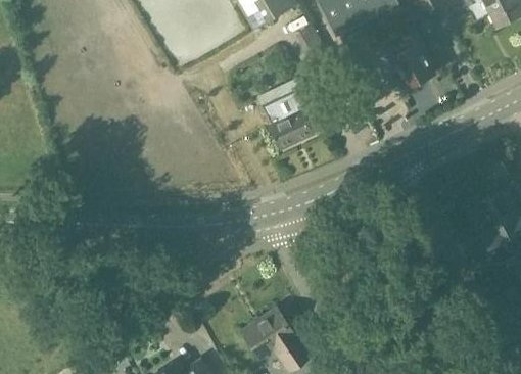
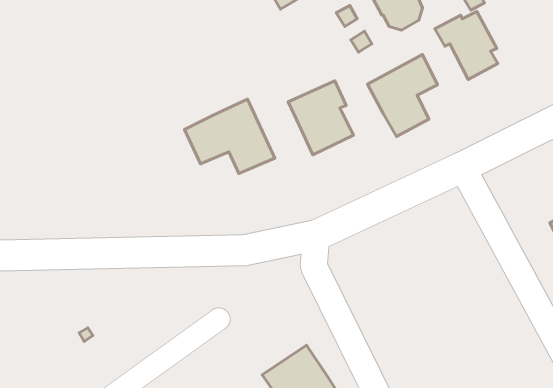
building: none -> [367,54,437,136]
building: none -> [185,99,275,174]

